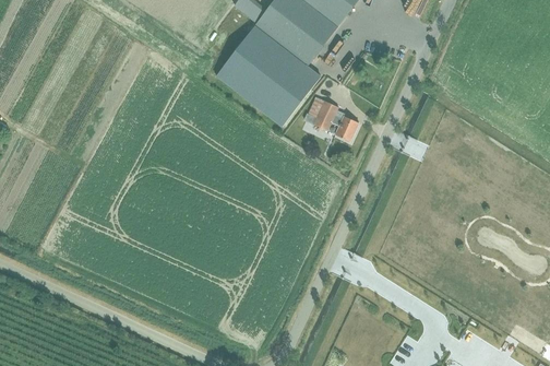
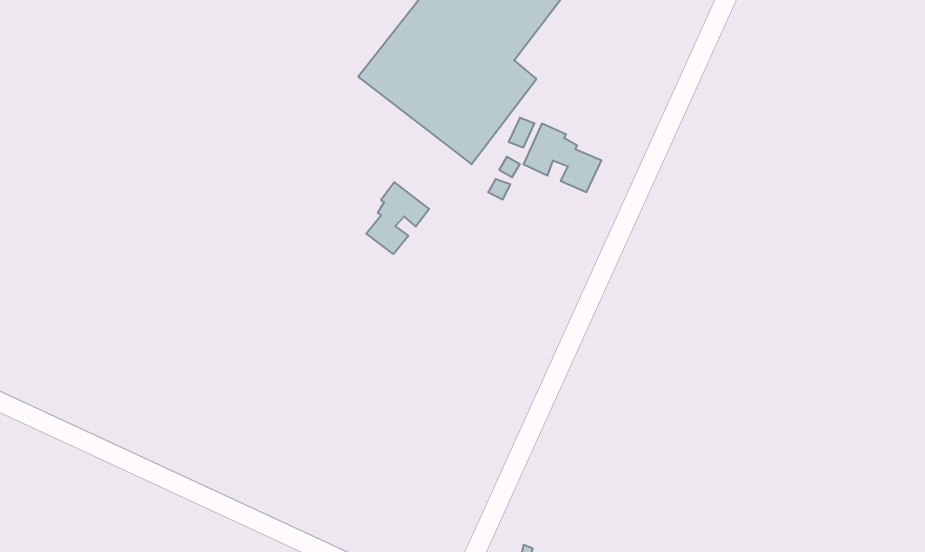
building: none -> [366,182,429,254]

